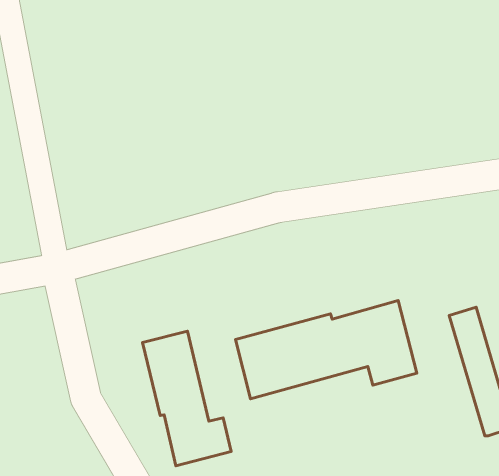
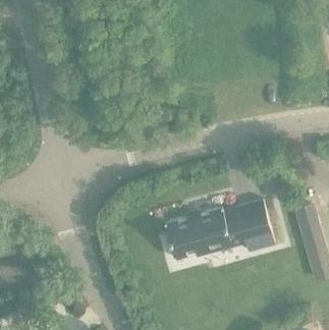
building: [142,331,231,466] -> none

